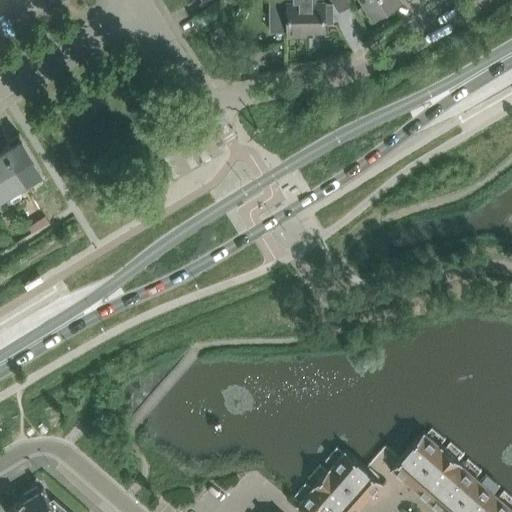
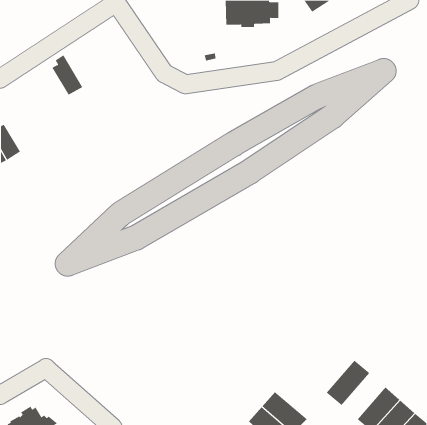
building: [5,135,43,184] -> [51,55,83,96]
building: [409,449,461,504] -> none
building: [329,452,384,504] -> none

